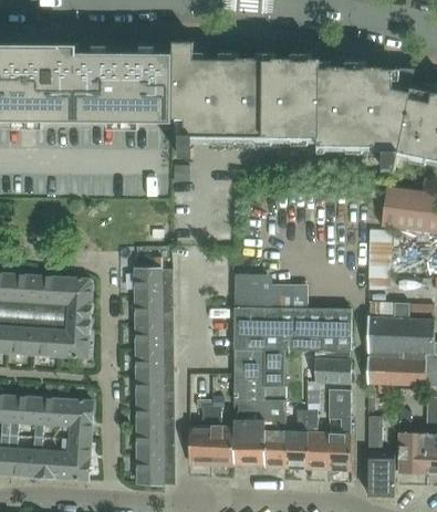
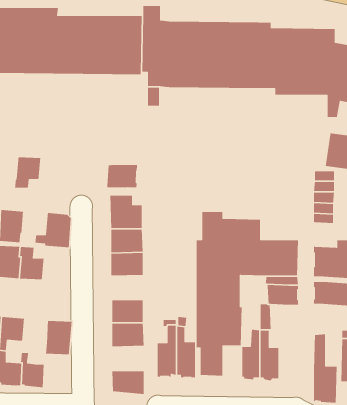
building: none -> [106,164,138,188]
building: [32,276,63,313] -> [14,156,41,189]
building: [48,316,89,357] -> none
building: [135,349,173,377] -> none
building: [327,389,350,471] -> none
building: [33,398,63,437] -> none
building: [136,430,174,458] -> none
building: [263,430,284,466] -> none
building: [59,439,89,479] -> none

